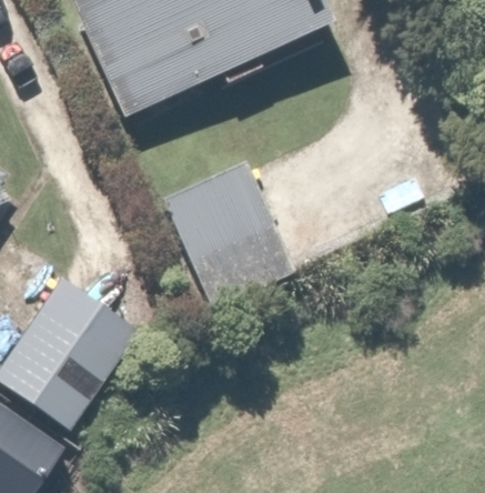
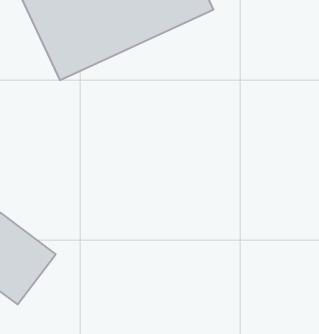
building: [158,152,300,309] -> none

